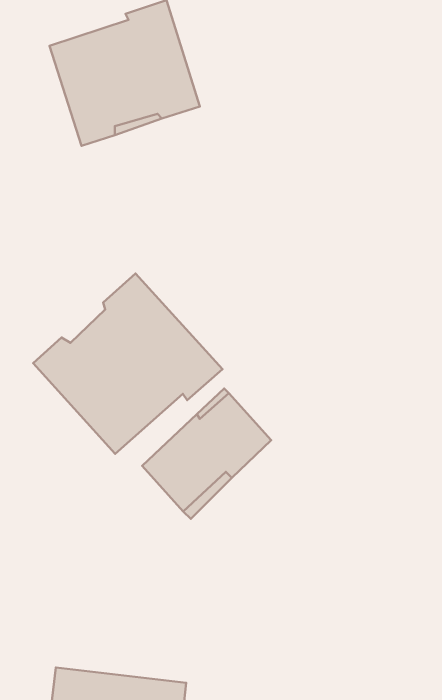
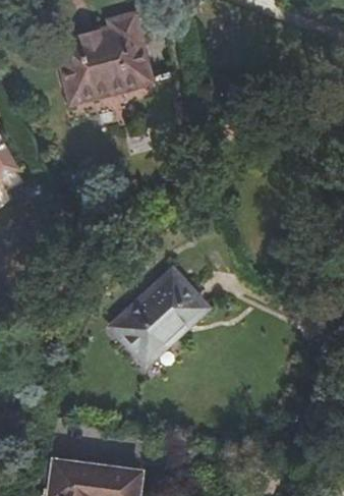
building: [33,273,223,454] -> none

